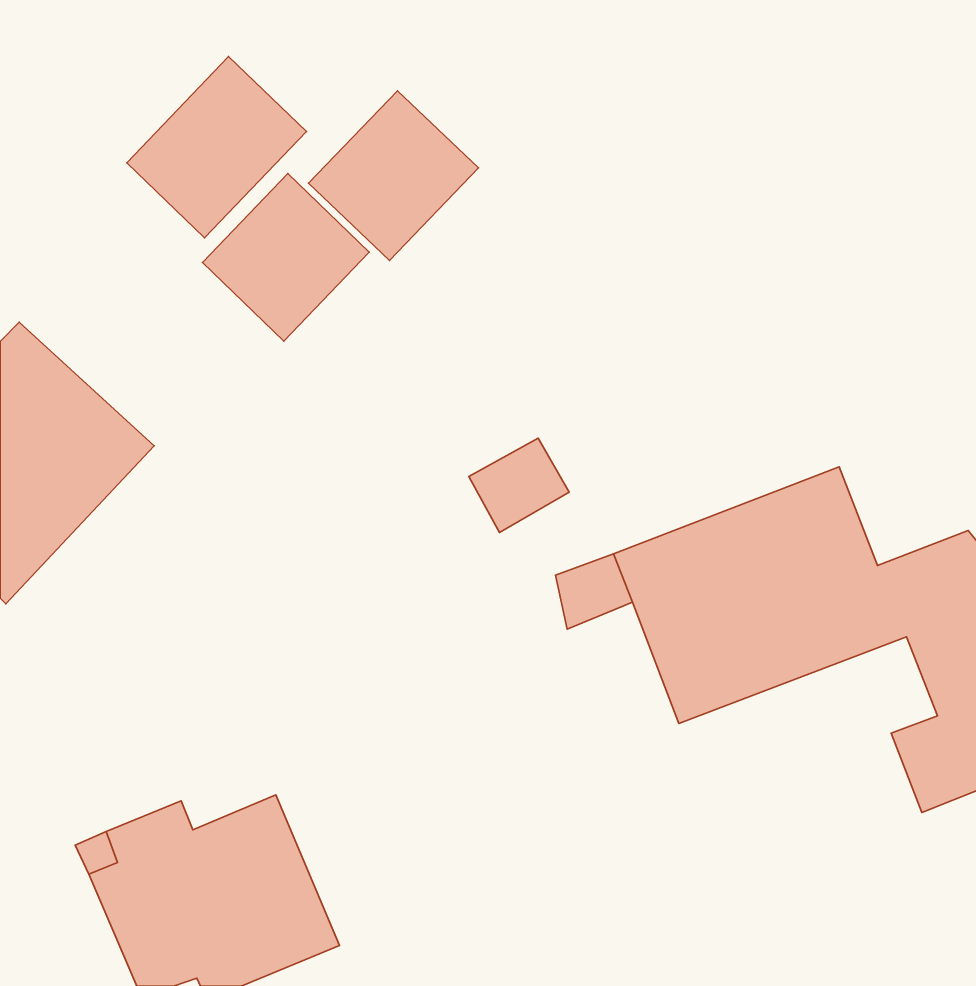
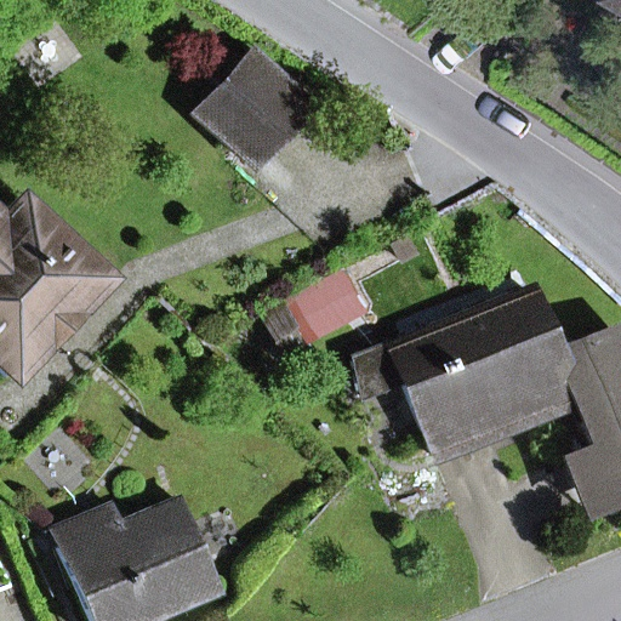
building: [127,56,306,238] -> none
building: [202,174,369,341] -> none

